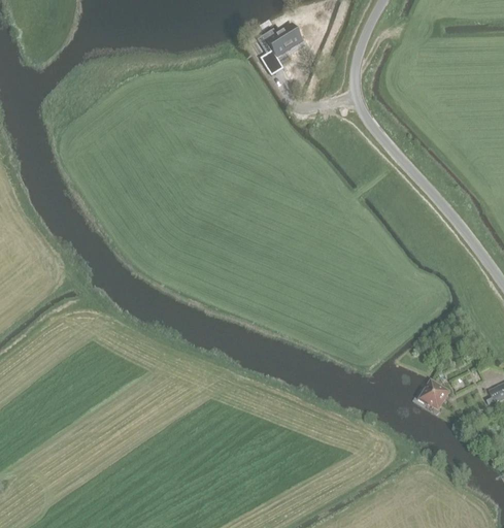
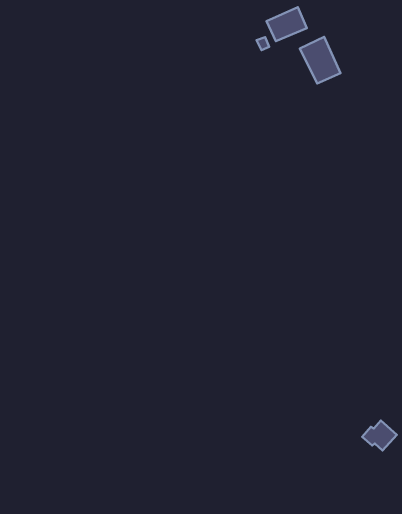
building: none -> [300,37,341,84]

